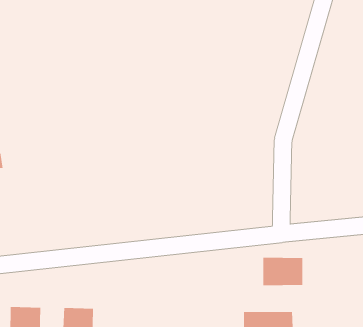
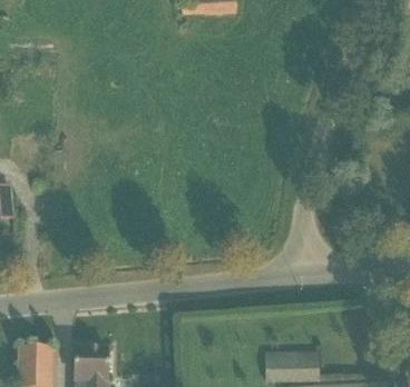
building: [263,257,303,286] -> none

